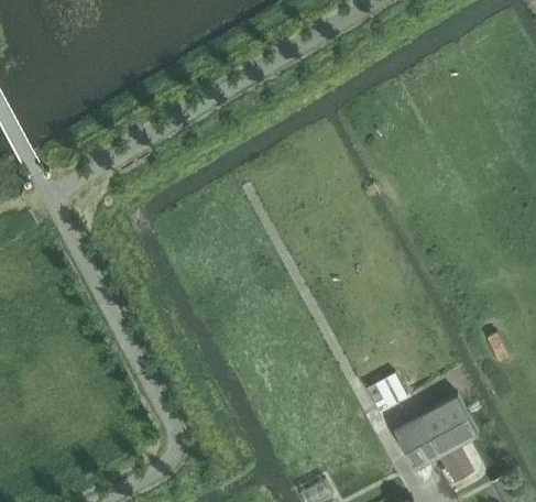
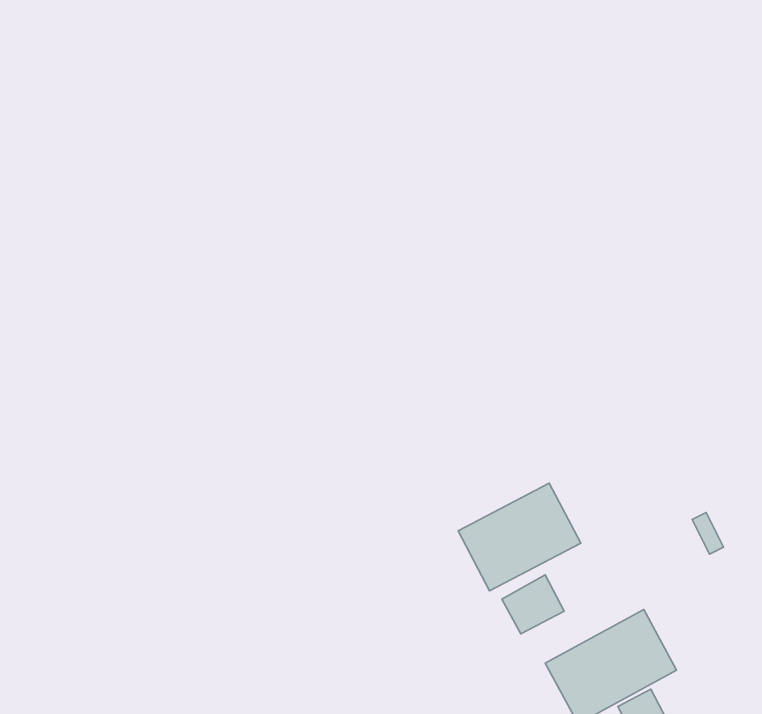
building: none -> [458,483,581,591]

